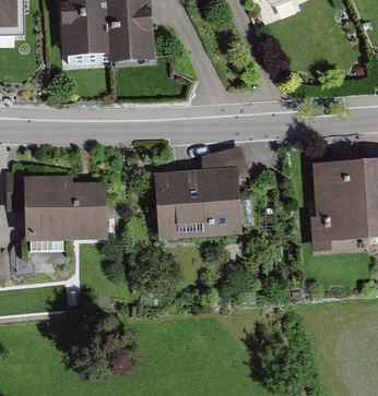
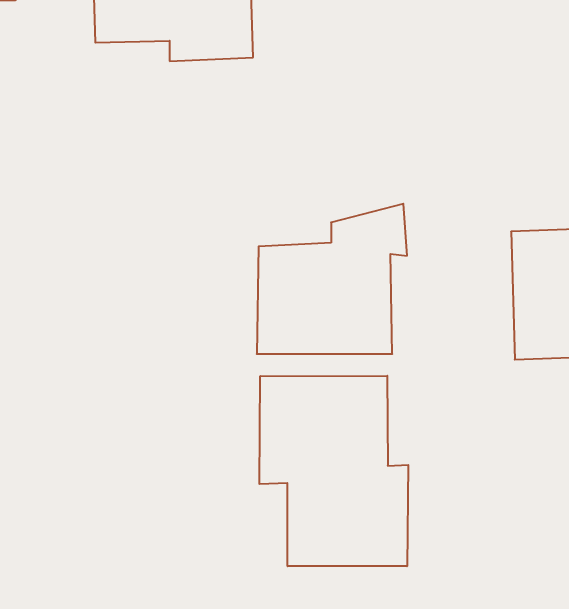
building: [13,176,104,238] -> none
building: none -> [259,376,408,566]

